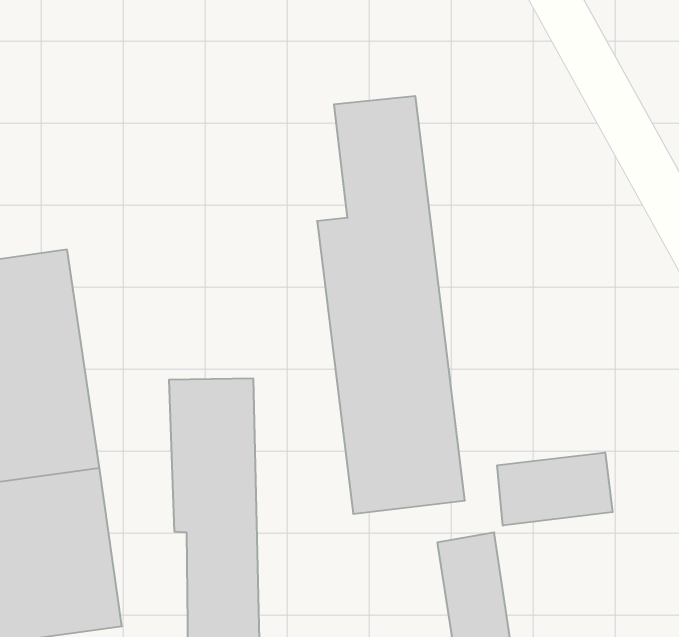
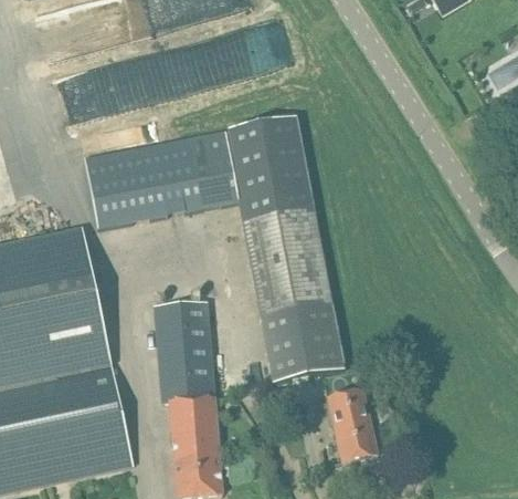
building: none -> [84,126,256,226]
building: [497,452,612,526] -> none

